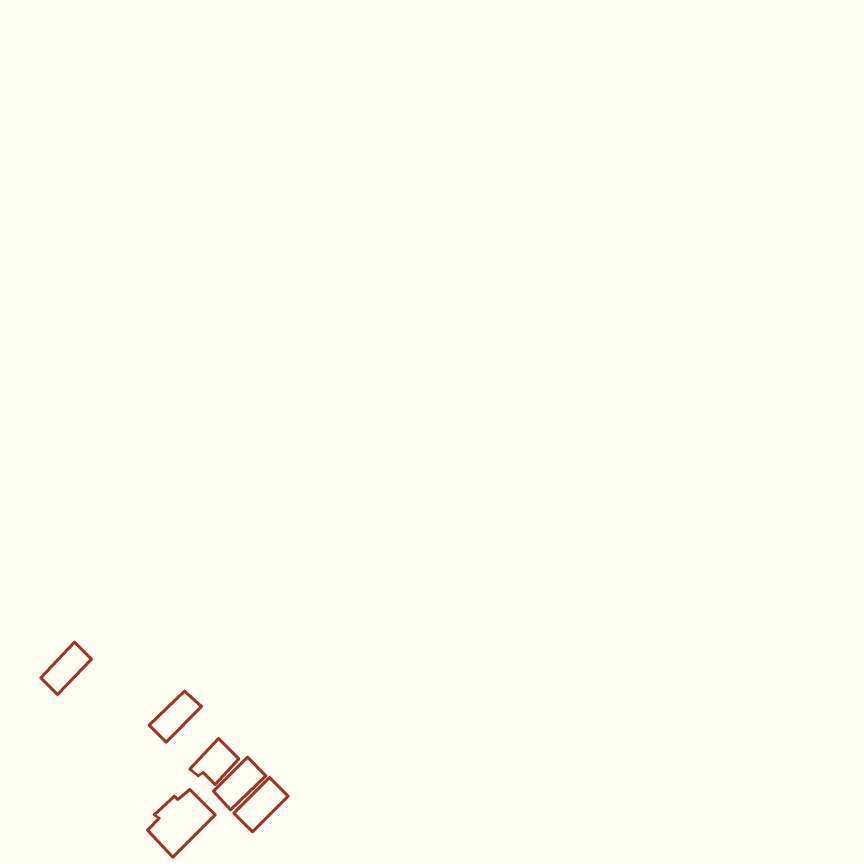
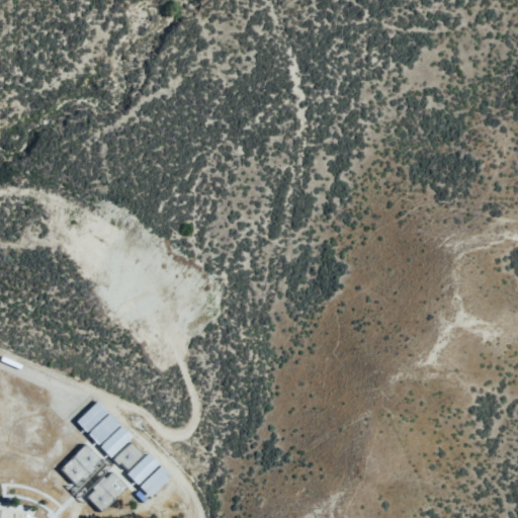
building: [41,642,92,695] -> [77,400,107,431]
building: none -> [100,425,133,456]
building: none -> [60,443,100,484]

